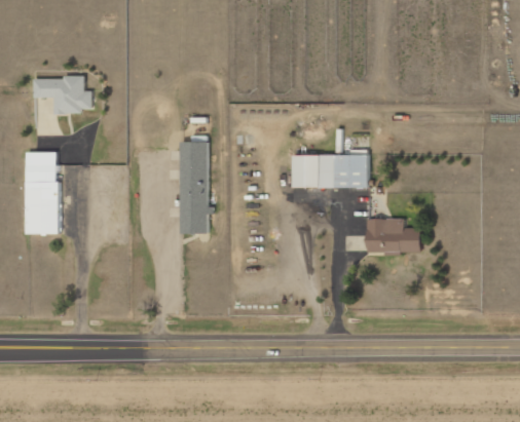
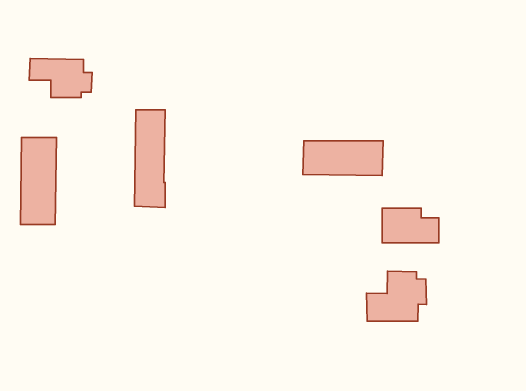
building: [180,142,209,234] -> [135,110,165,207]
building: none -> [367,271,427,321]

